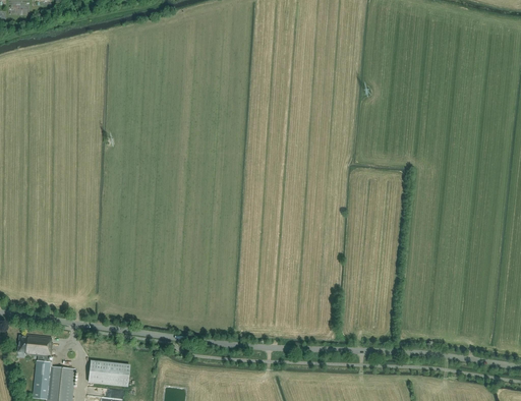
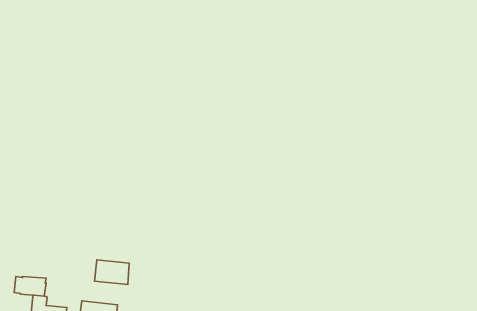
building: none -> [95,260,129,284]

